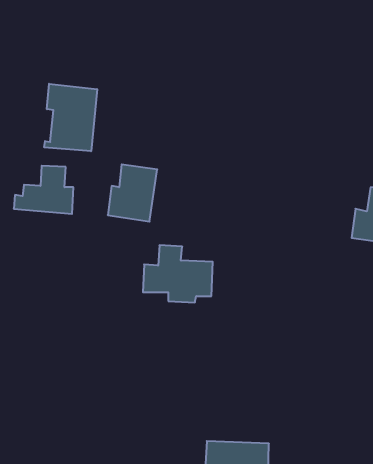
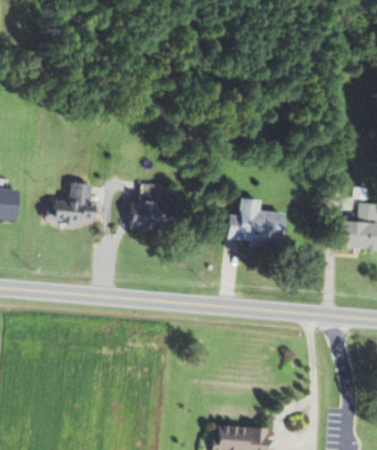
building: [44,84,97,151] -> none
building: [143,245,213,302] -> [226,198,287,248]

